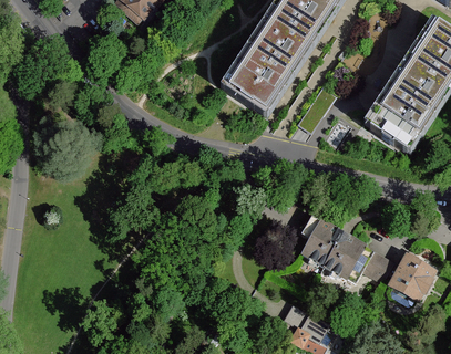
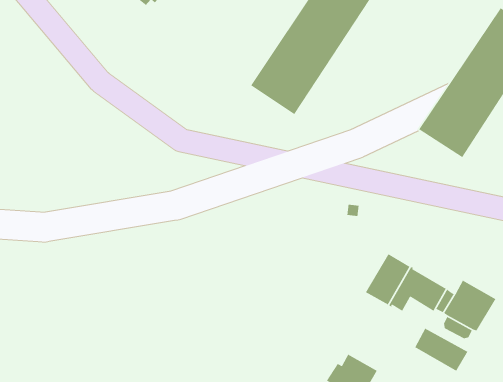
building: [299,215,341,264] -> none
building: none -> [414,327,468,372]

